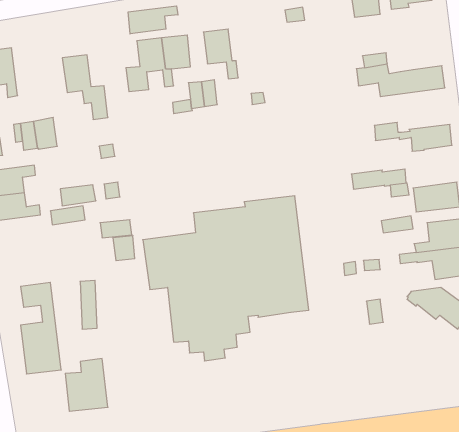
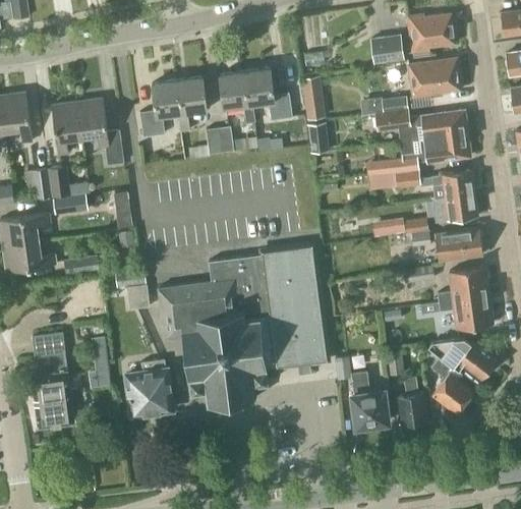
building: [128,6,178,34] -> none
building: none -> [408,58,460,97]
building: none -> [245,70,292,120]
building: none -> [301,75,325,119]
building: none -> [50,103,80,155]
building: none -> [309,121,331,153]
building: none -> [365,133,470,175]
building: none -> [432,192,477,222]
building: [60,185,96,206] -> [52,193,89,215]
building: none -> [420,350,472,413]
building: none -> [336,358,387,428]
building: none -> [397,380,426,426]
building: [65,359,108,411] -> [126,360,170,414]

